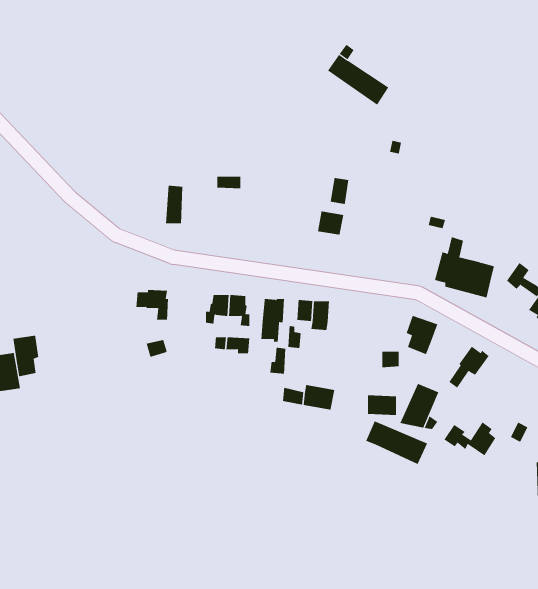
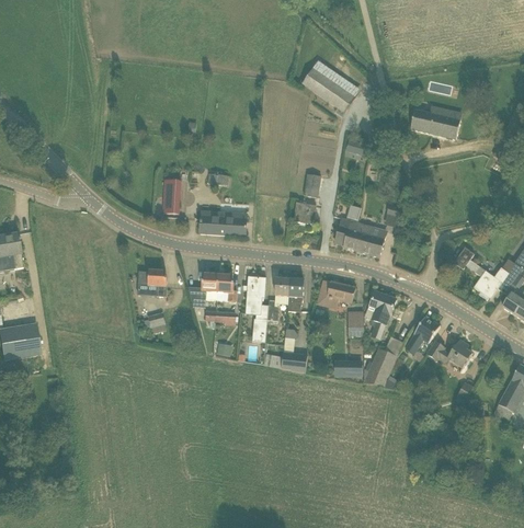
building: none -> [410,105,462,138]
building: none -> [200,210,246,234]
building: [434,237,495,298] -> [334,204,386,256]
building: none -> [317,278,355,307]
building: [13,335,39,377] -> none
building: [366,420,428,465] -> none
building: [444,422,496,456] -> [426,337,471,367]

